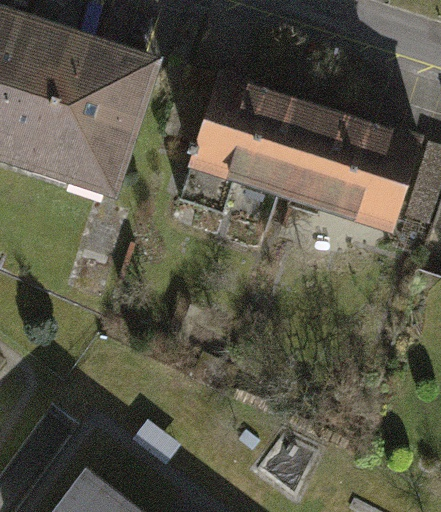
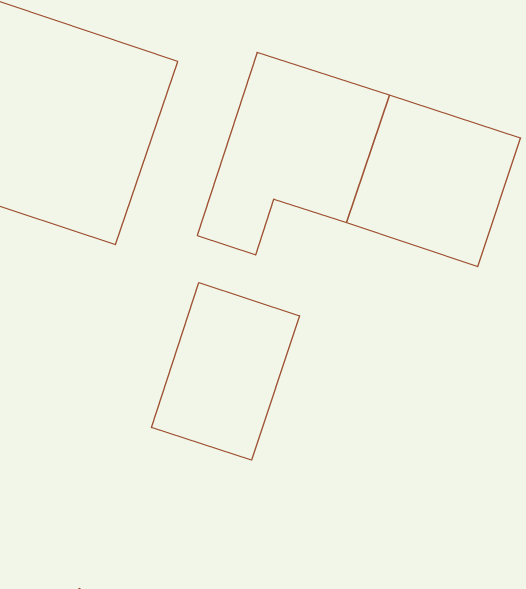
building: none -> [152,283,300,460]

